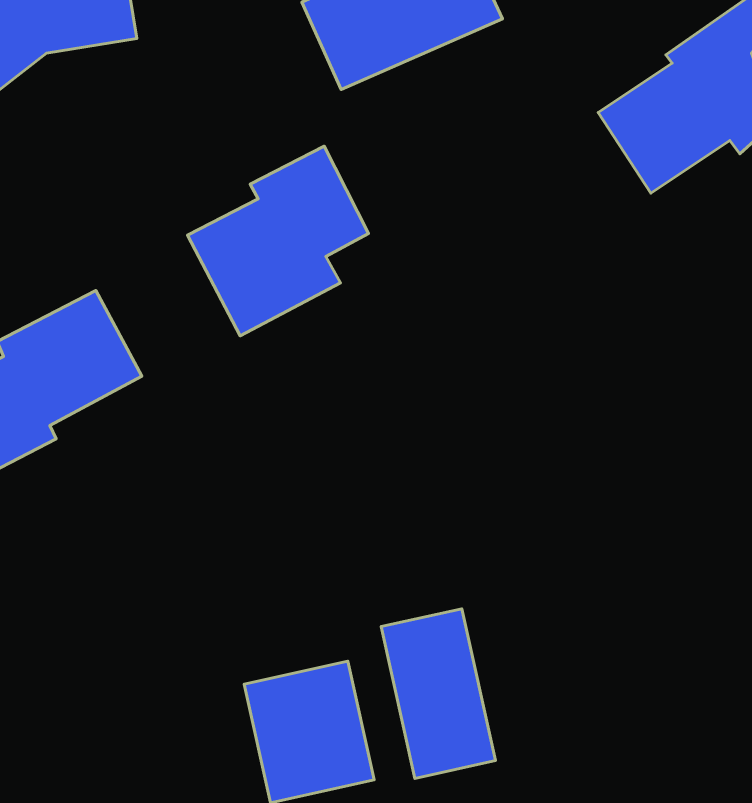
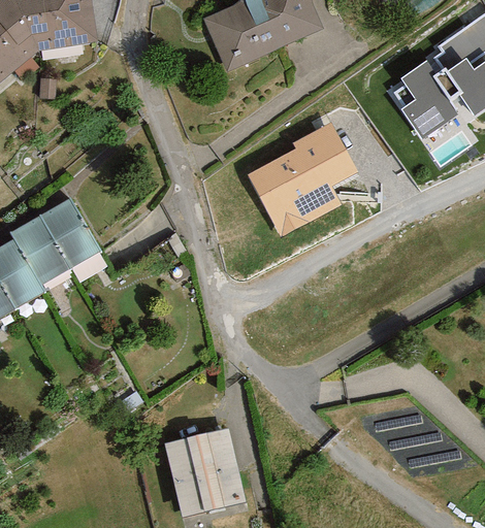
building: [187,146,369,336] -> [248,118,361,236]
building: [381,609,496,779] -> none

